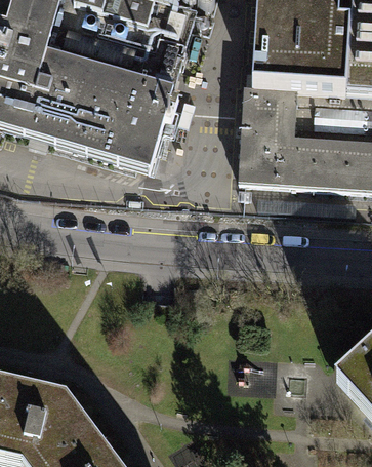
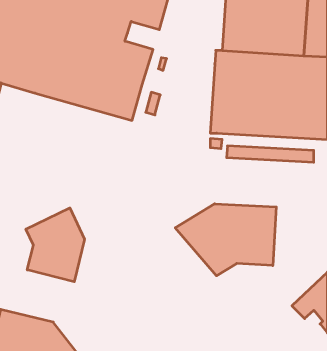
building: none -> [175,204,276,276]
building: none -> [26,208,84,282]

